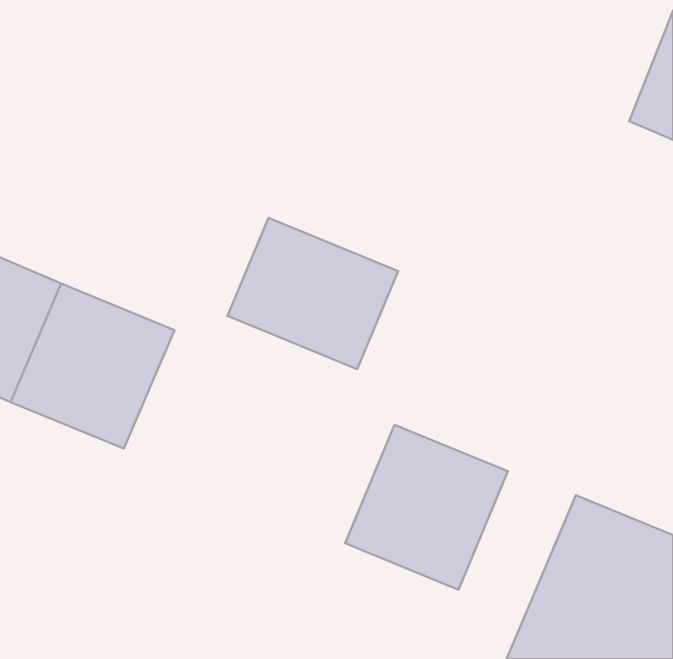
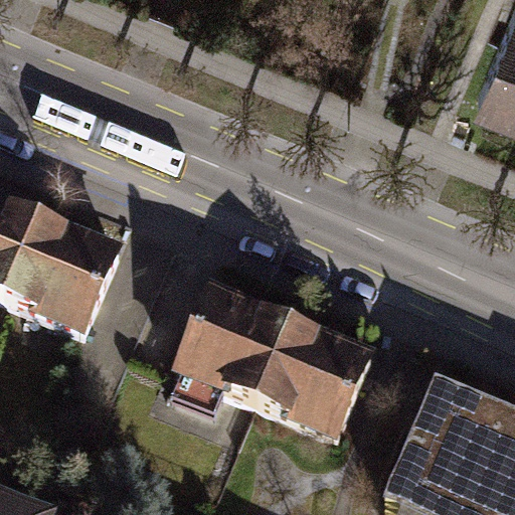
building: [228,218,398,369] -> none
building: none -> [176,286,298,410]

